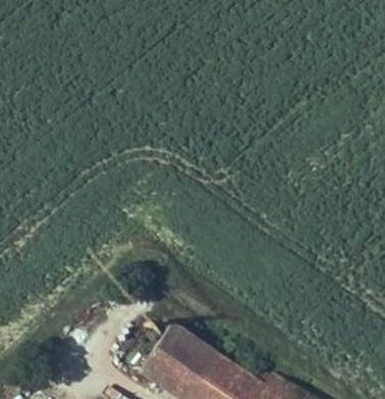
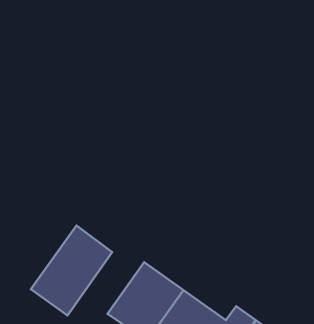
building: none -> [31,226,112,315]

